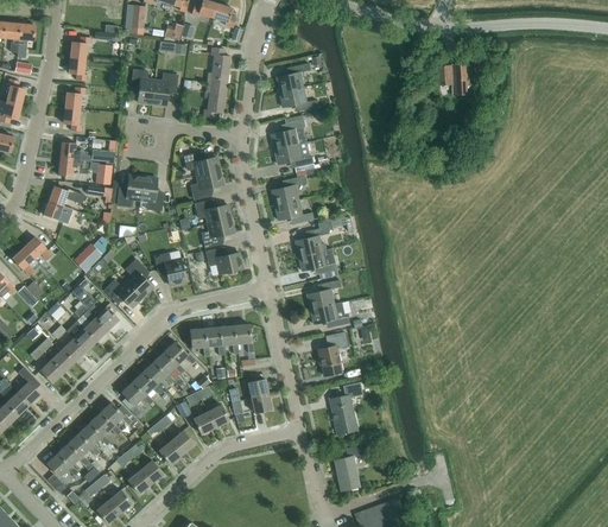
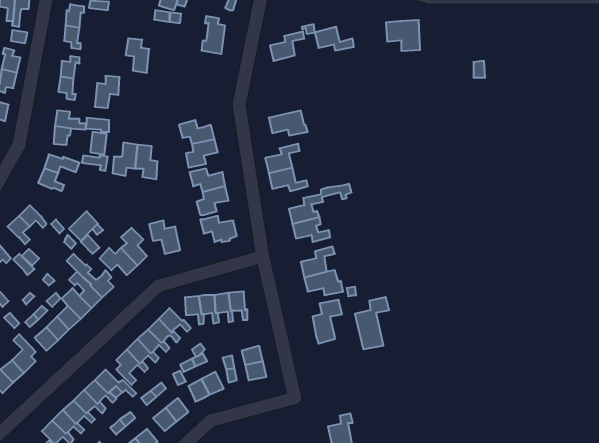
building: [438,63,473,94] -> [386,20,420,51]
building: [152,72,177,104] -> [95,76,120,108]
building: [203,81,227,118] -> none
building: [279,85,318,109] -> [315,27,354,50]
building: [271,119,306,148] -> none
building: [329,381,363,433] -> [355,297,389,349]

